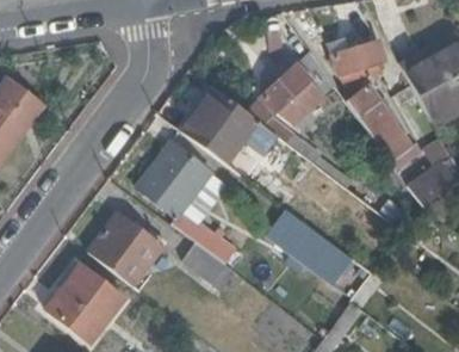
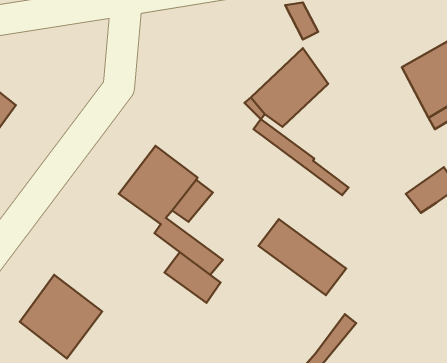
building: [331,39,385,82] -> none
building: [347,85,424,169] -> none
building: [180,88,258,163] -> none
building: [87,212,162,285] -> none

